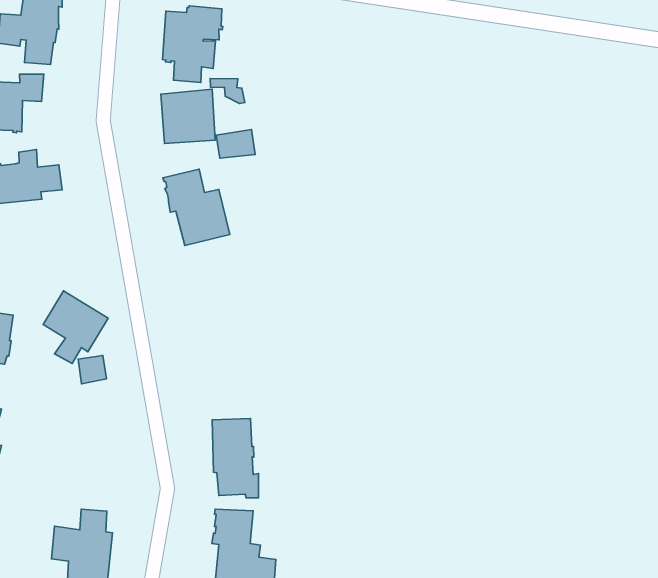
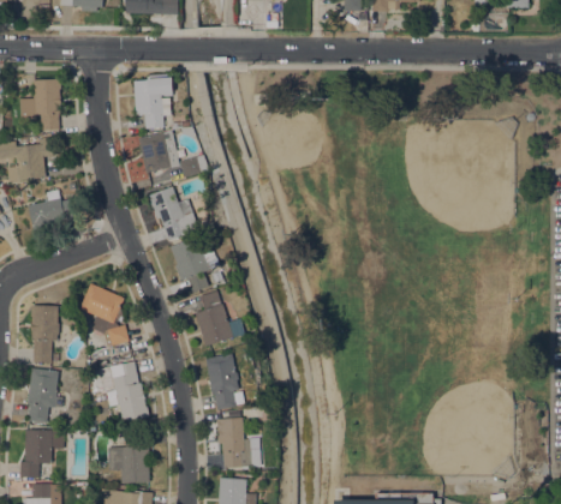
building: none -> [171,236,220,293]
building: none -> [195,292,245,347]
building: none -> [106,361,149,422]

